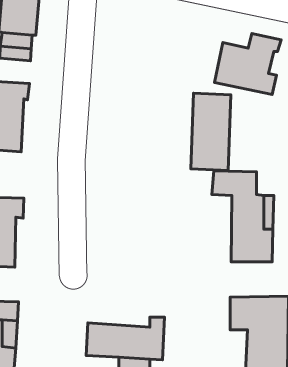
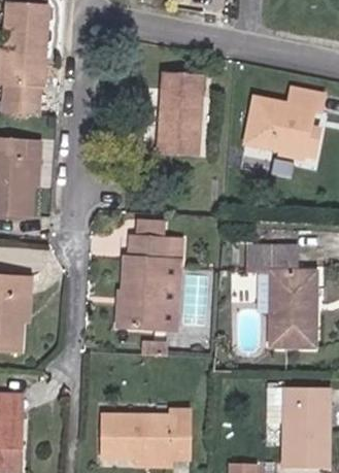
building: [191,93,231,170] -> [159,68,204,156]
building: none -> [126,237,170,330]

